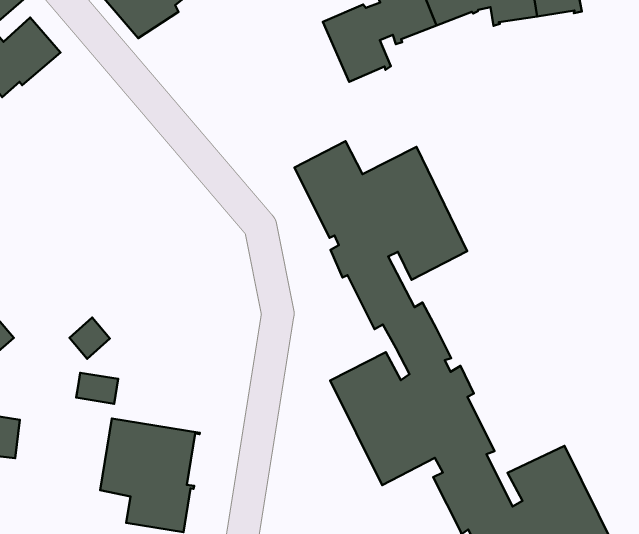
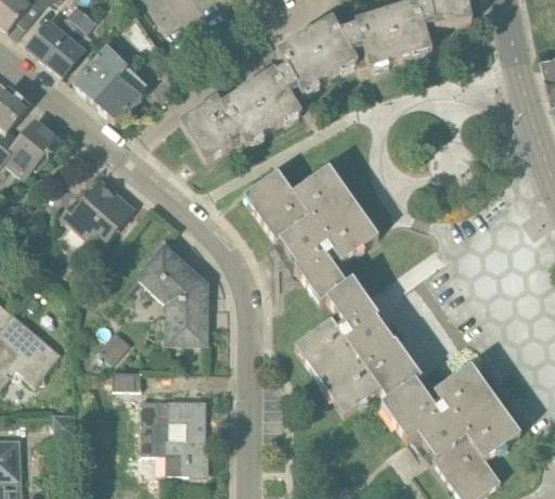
building: none -> [179,87,272,161]
building: none -> [60,170,134,248]
building: none -> [135,240,206,342]

